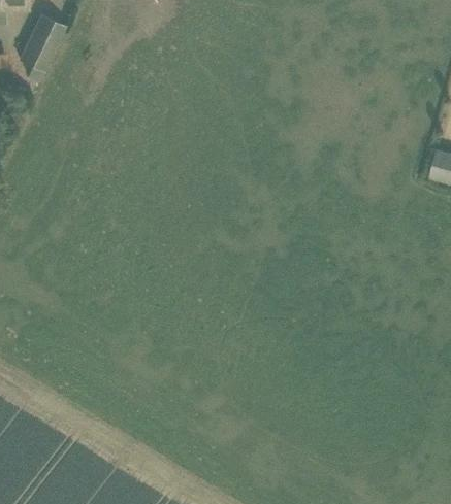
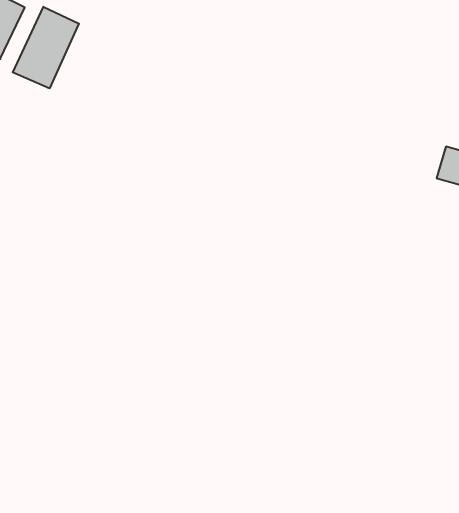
building: none -> [13,7,79,88]

